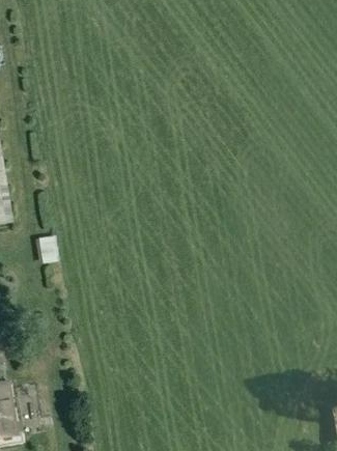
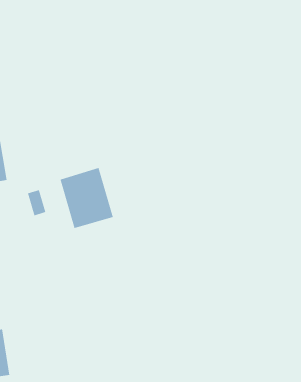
building: none -> [60,167,113,229]

